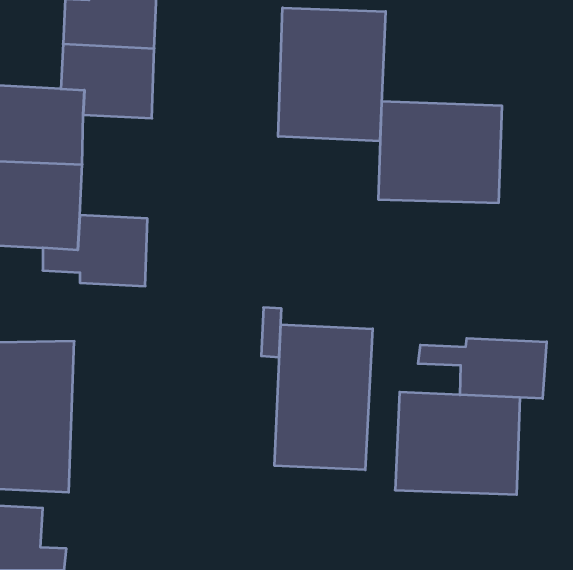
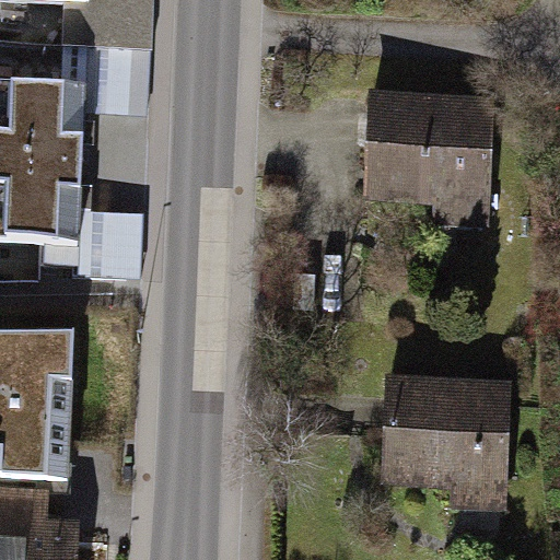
building: [278,8,386,141] -> none
building: [275,325,373,470] -> none
building: [418,338,547,399] -> none

